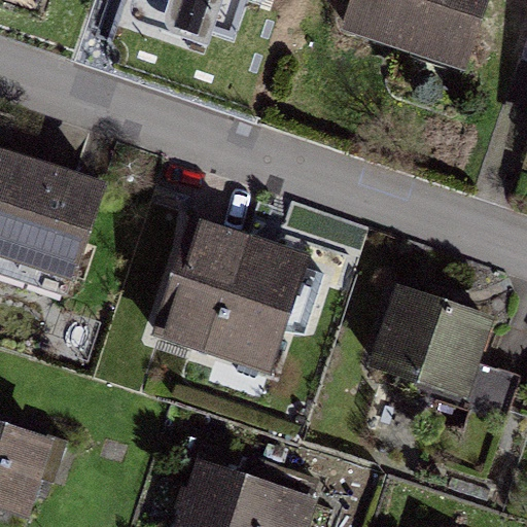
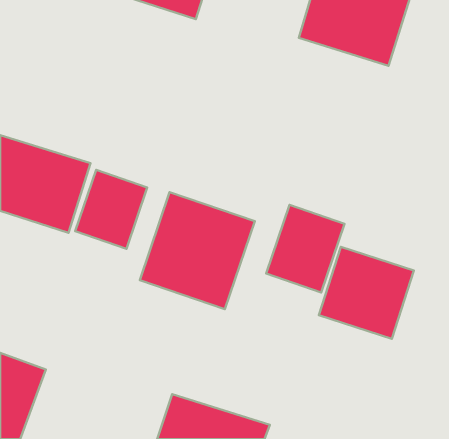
building: none -> [75,170,147,249]
building: none -> [266,205,345,292]

